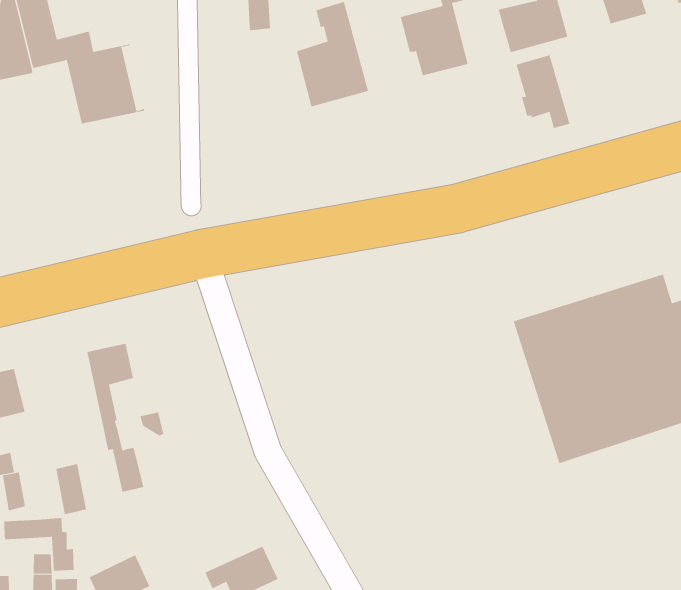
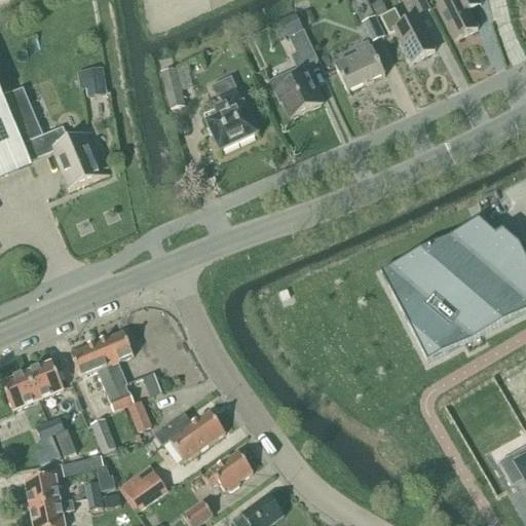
building: [516,55,570,129] -> none
building: none -> [71,340,124,408]
building: none -> [156,410,226,460]

